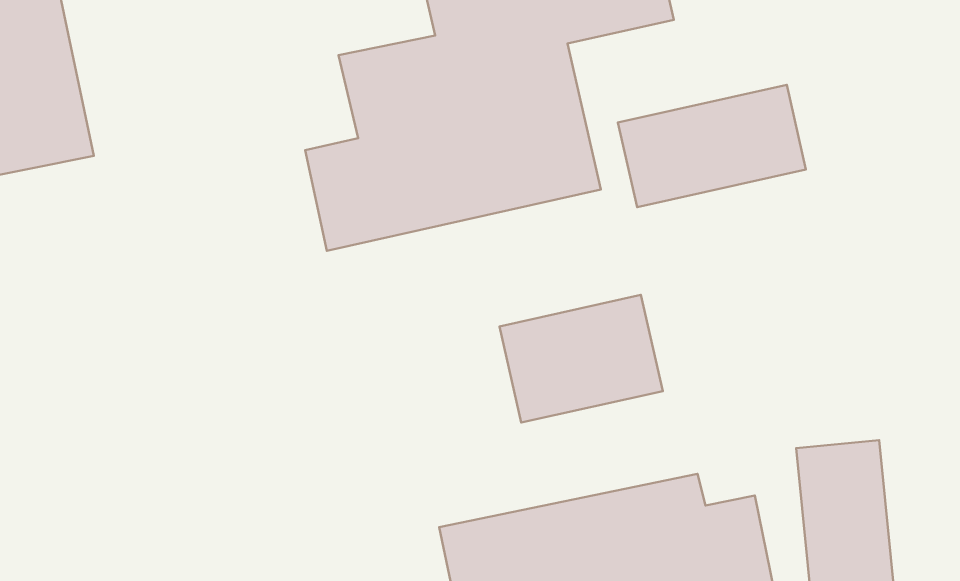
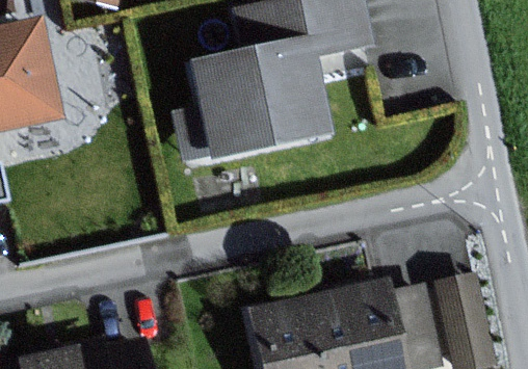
building: [618,85,806,207] -> none
building: [499,295,663,423] -> none

